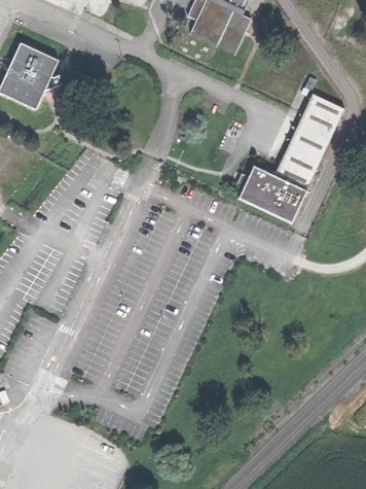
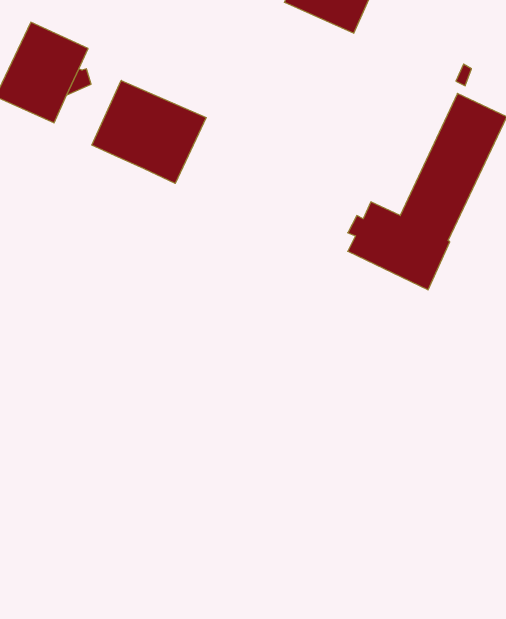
building: none -> [92,80,206,183]

